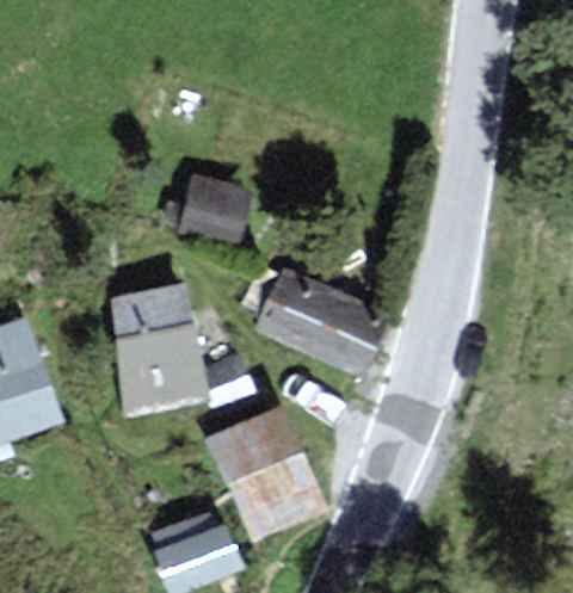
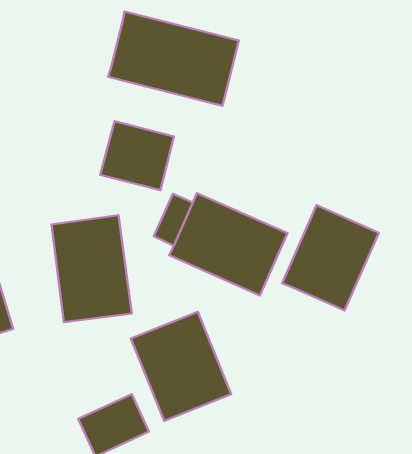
building: none -> [108,11,239,106]
building: none -> [282,205,379,311]

